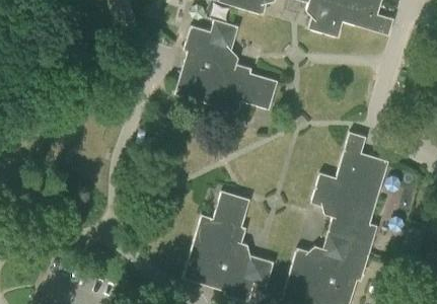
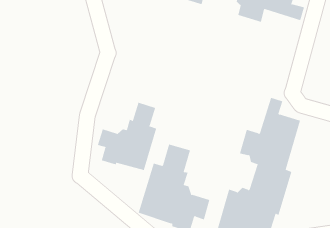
building: [174,18,278,112] -> none
building: none -> [97,102,157,171]

